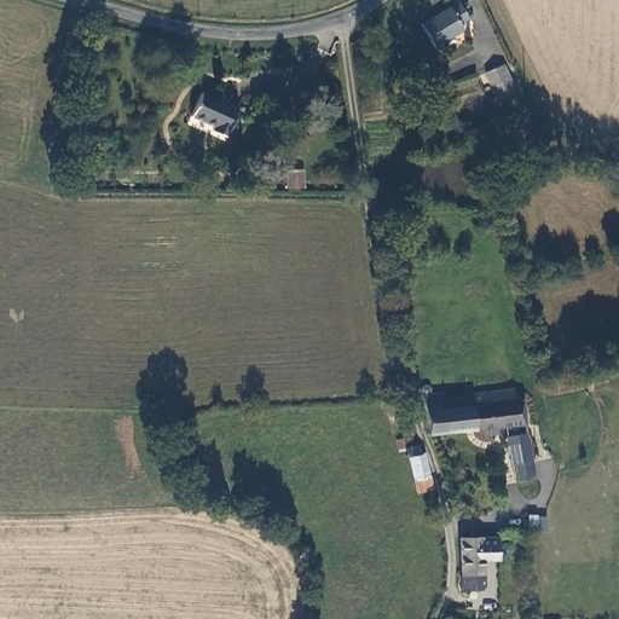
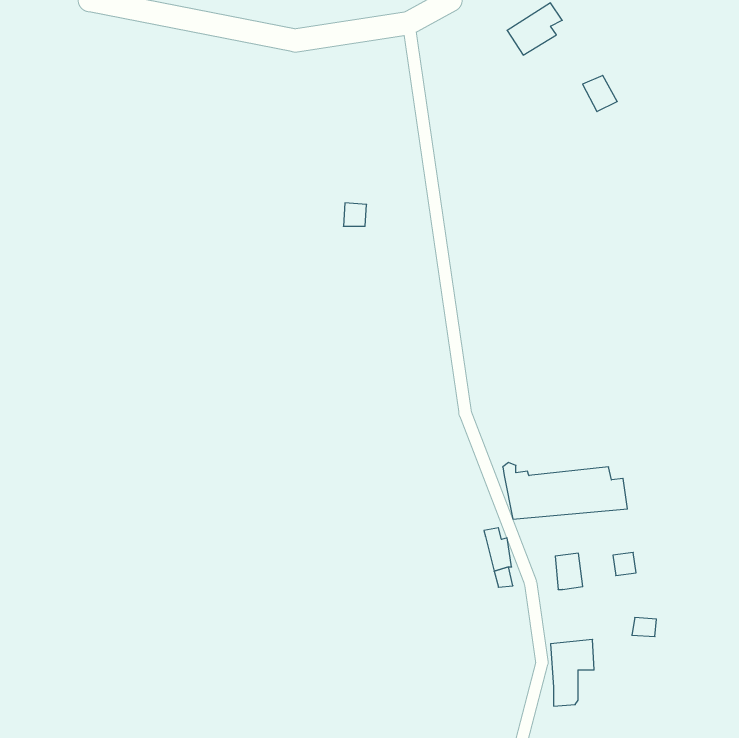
building: [193,93,242,139] -> none
building: [507,435,530,465] -> [555,553,583,589]

